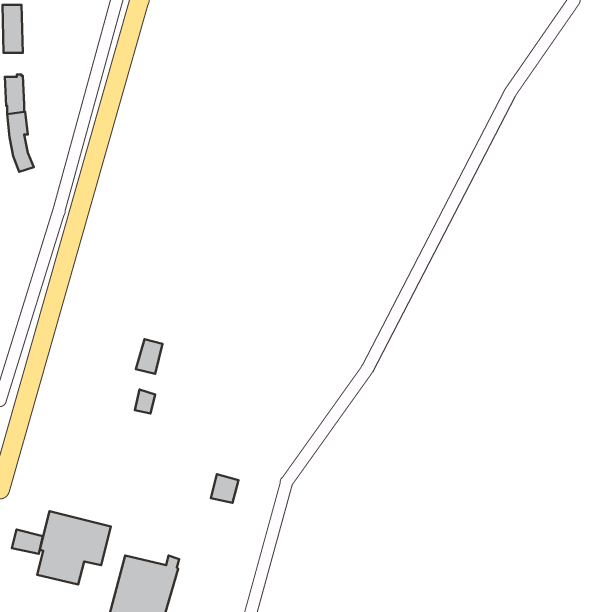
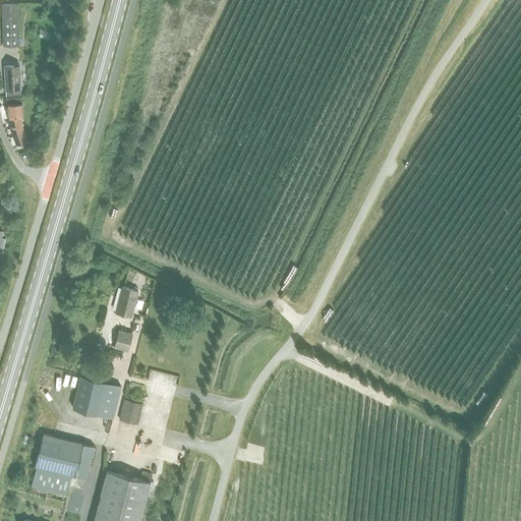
building: none -> [72,378,120,419]
building: [211,474,238,503] -> [119,401,142,425]
building: [12,529,43,554] -> none

